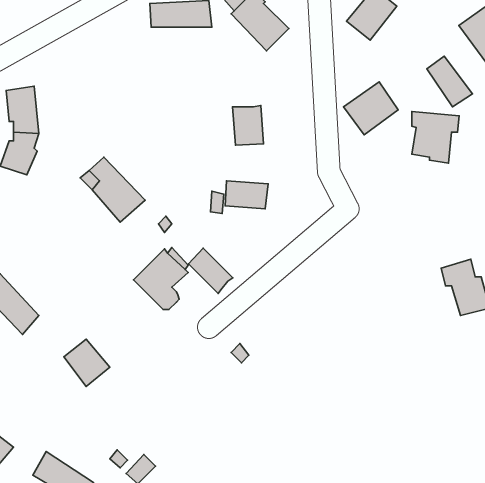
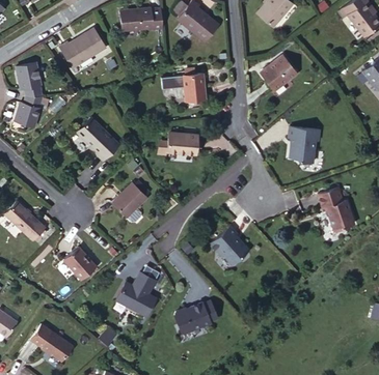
building: none -> [55,26,103,67]
building: [427,56,472,107] -> none
building: [412,111,459,163] -> [294,125,327,162]
building: [188,248,233,293] -> none
building: none -> [217,224,254,262]
building: none -> [111,272,152,317]
building: none -> [167,301,210,331]

